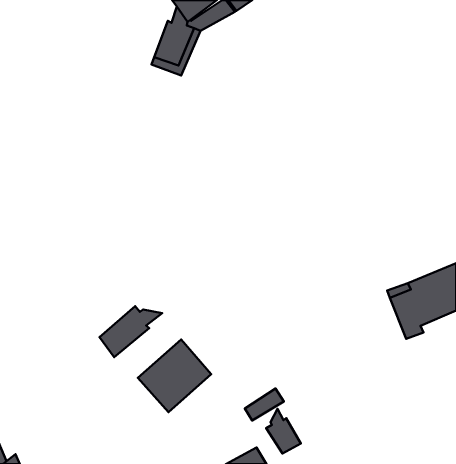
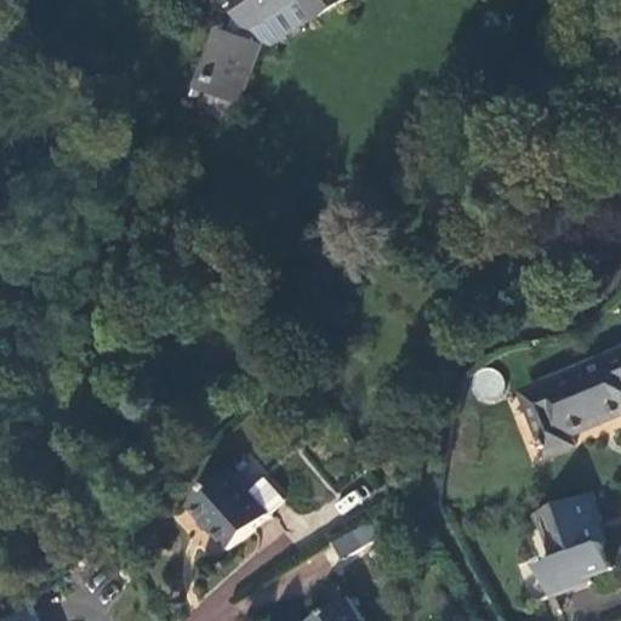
building: [99,306,162,357] -> none
building: none -> [530,491,605,594]
building: [266,409,301,454] -> none

